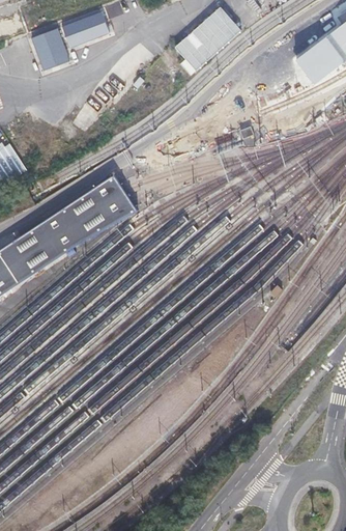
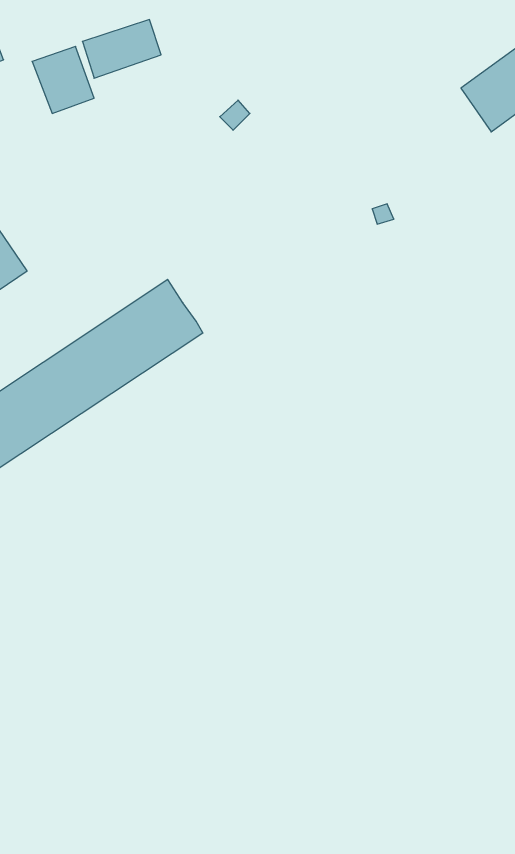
building: [173,9,240,75] -> none

